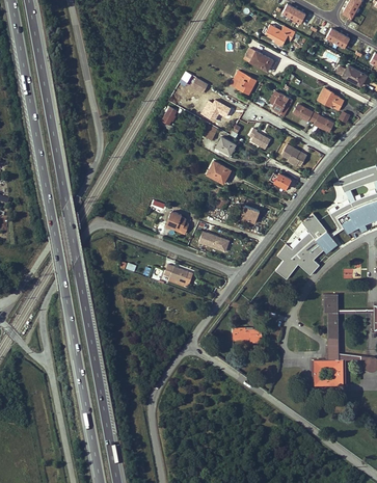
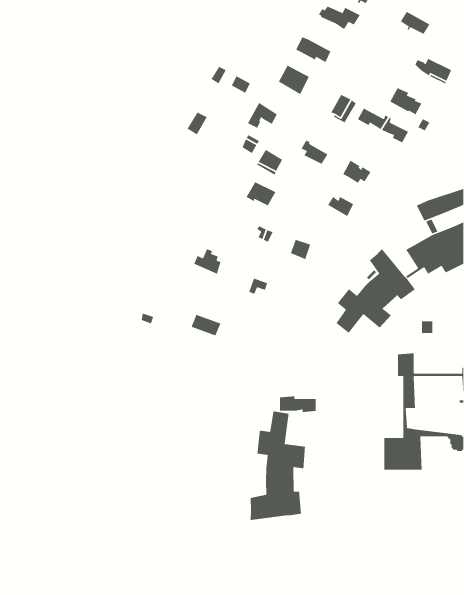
building: none -> [250,411,306,521]

